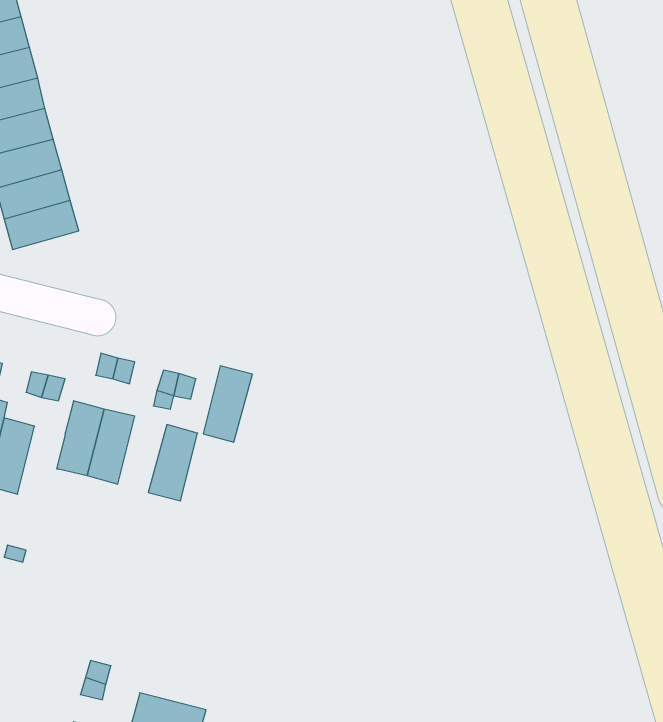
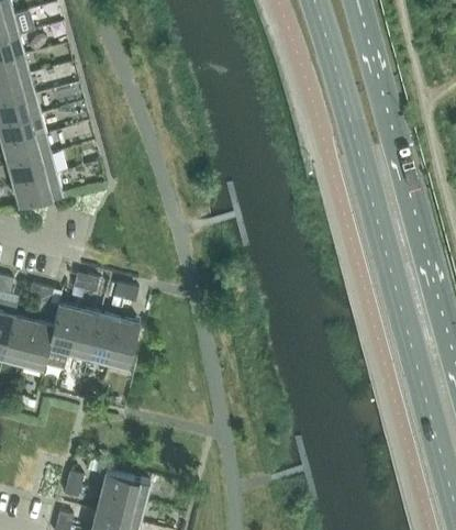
building: [203,366,252,442] -> [87,313,119,363]
building: none -> [22,320,53,368]
building: none -> [101,472,149,504]

